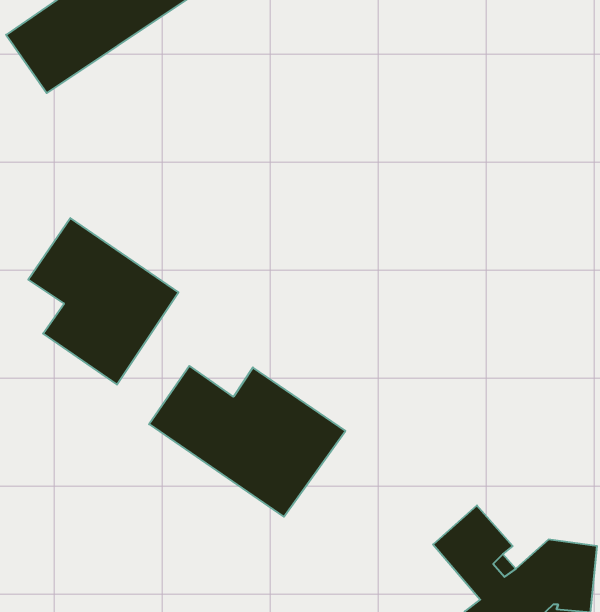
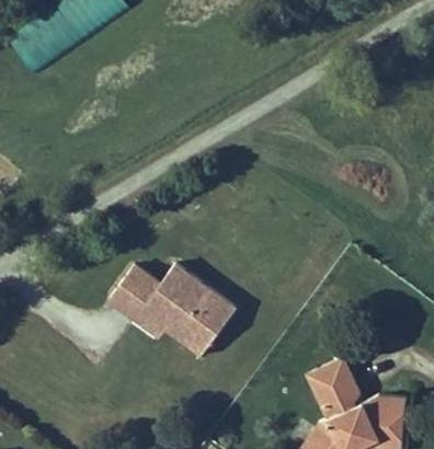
building: [28,218,178,385] -> none

